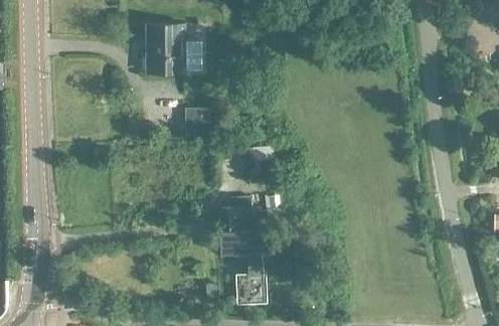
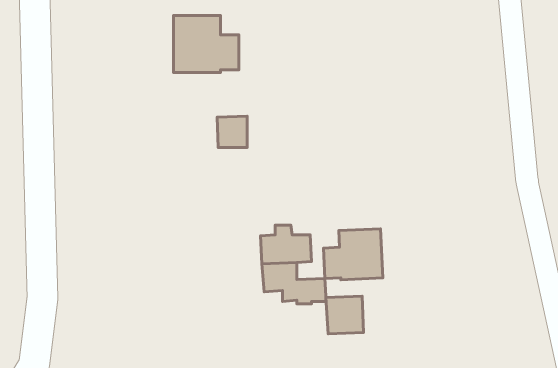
building: none -> [324,229,383,280]
building: [236,274,268,305] -> [326,296,363,334]

